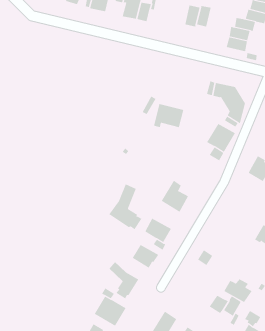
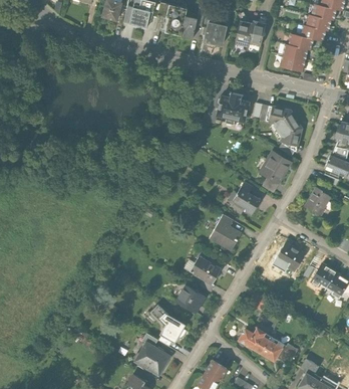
building: none -> [205,21,228,46]
building: [153,103,184,128] -> [216,94,250,122]
building: none -> [233,182,259,215]
building: [108,183,142,230] -> none
building: none -> [277,242,305,271]
building: [224,278,253,303] -> [239,328,271,355]

